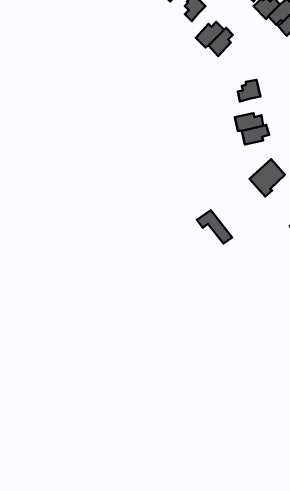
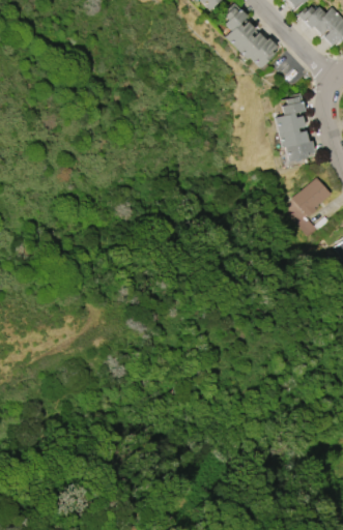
building: none -> [225,21,255,49]
building: none -> [275,113,305,132]
building: [197,210,232,243] -> [281,201,318,236]

